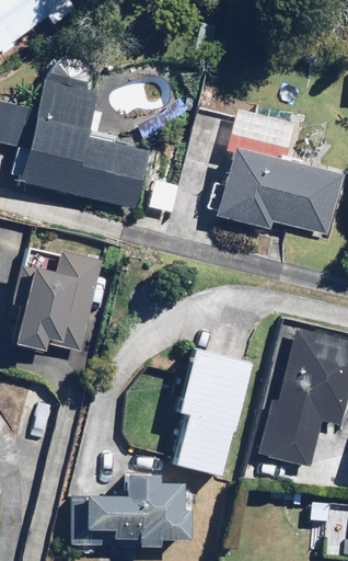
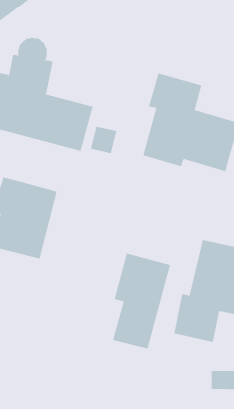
building: [71,471,192,548] -> none

